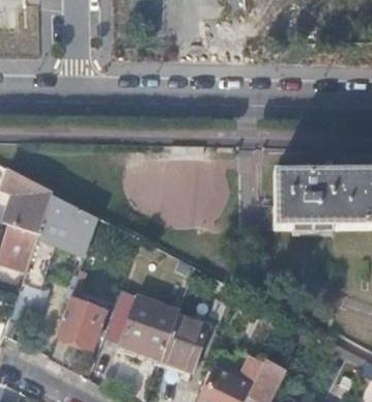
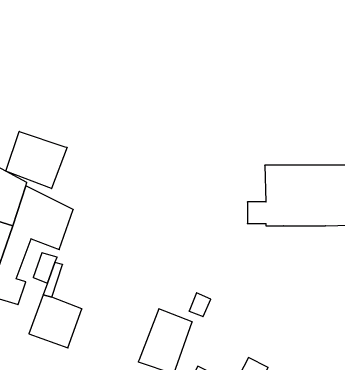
building: none -> [6,131,67,189]
building: [105,289,180,360] -> none

